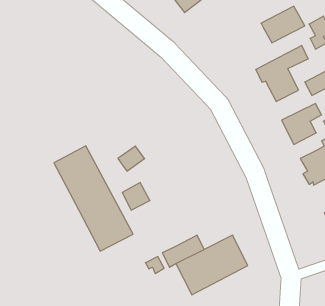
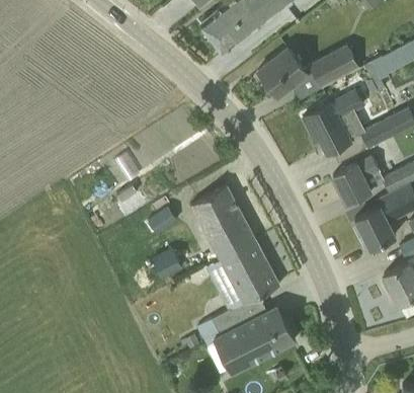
building: none -> [257,49,308,98]
building: [54,146,133,251] -> [190,186,280,306]

